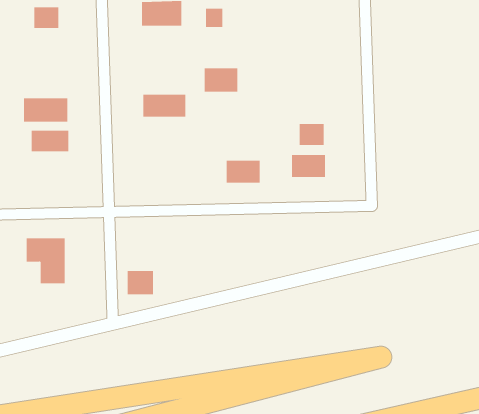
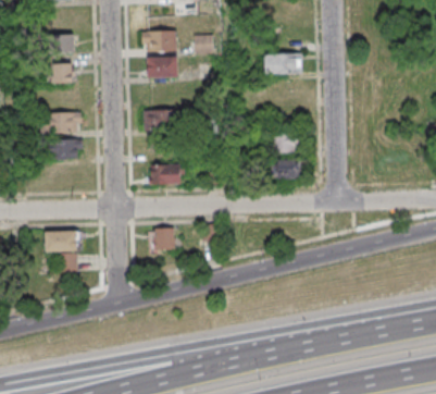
building: none -> [264,54,301,74]
building: none -> [51,64,72,85]
building: [204,68,238,92] -> [147,57,176,77]
building: [226,160,261,183] -> [150,164,179,184]
building: [127,271,154,295] -> [152,229,175,249]

